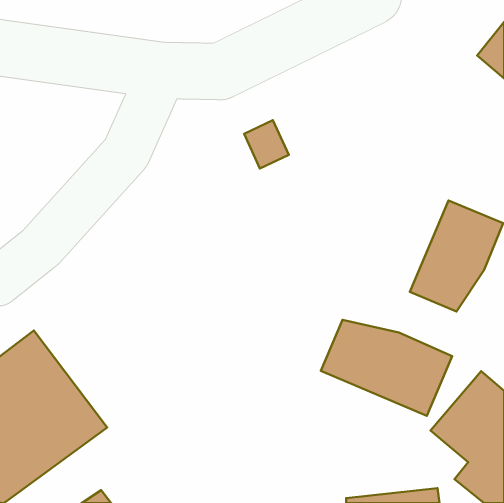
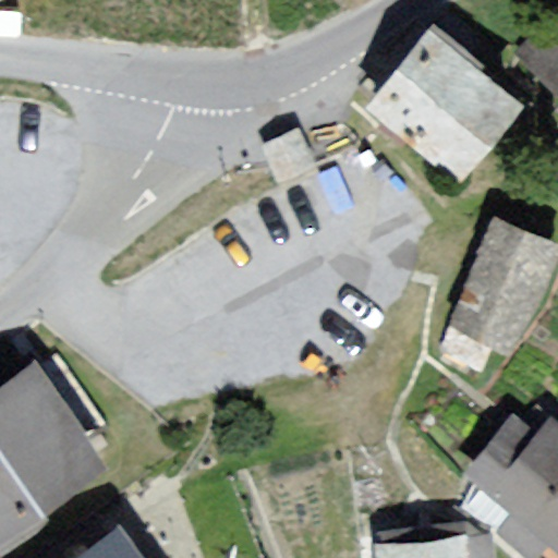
building: none -> [374,36,510,168]
building: [321,320,452,416] -> none

